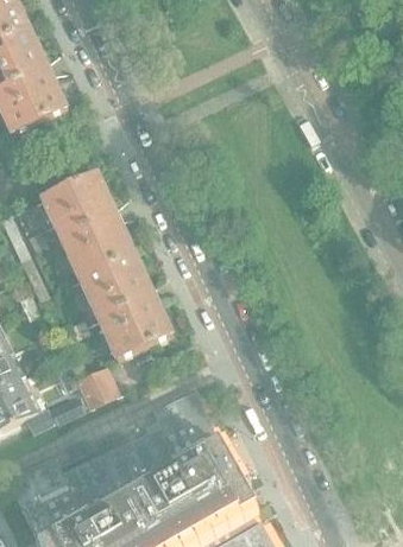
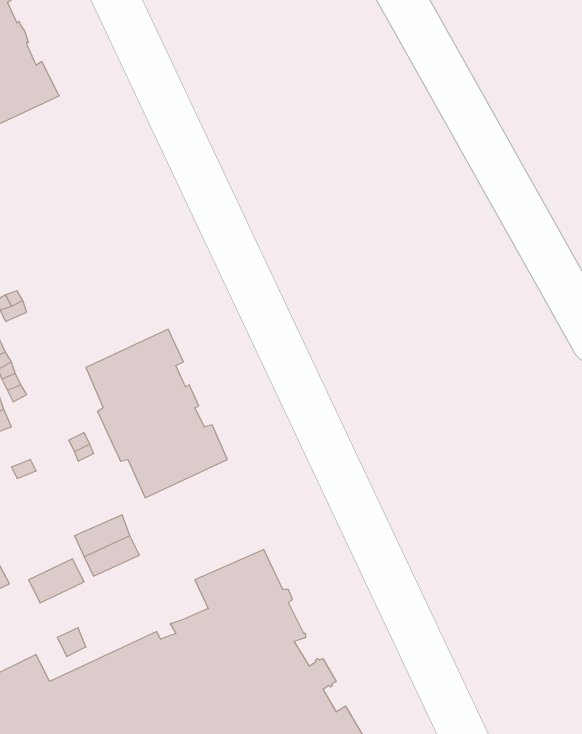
building: [48,174,137,279] -> none

